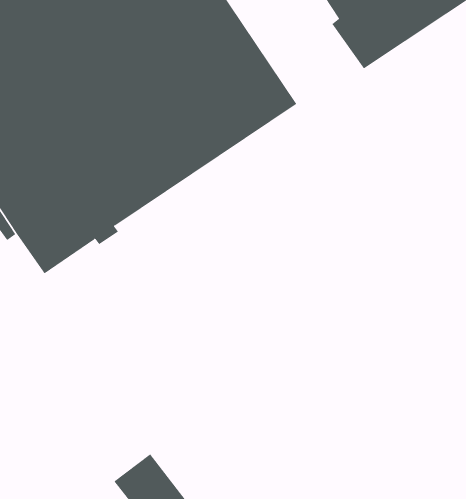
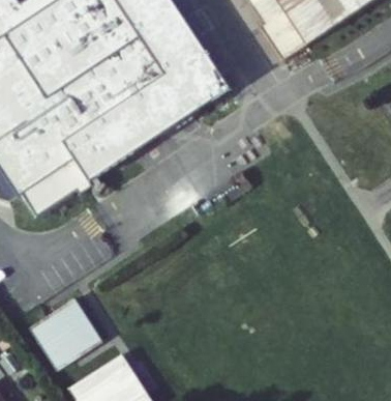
building: none -> [30,297,102,368]

